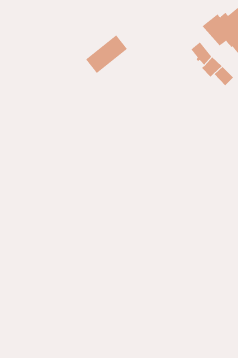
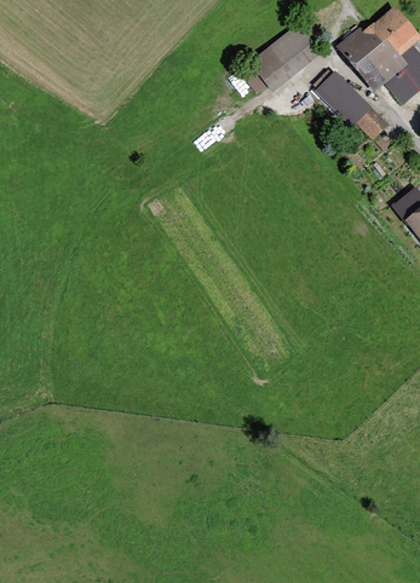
building: [85,35,128,74] -> [251,25,315,85]

